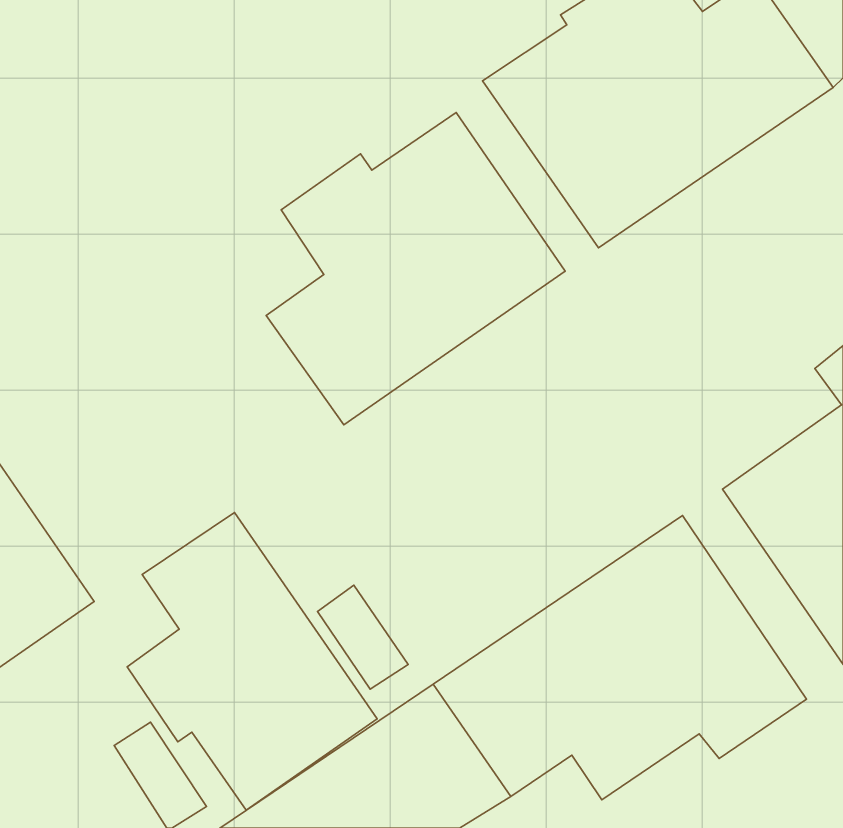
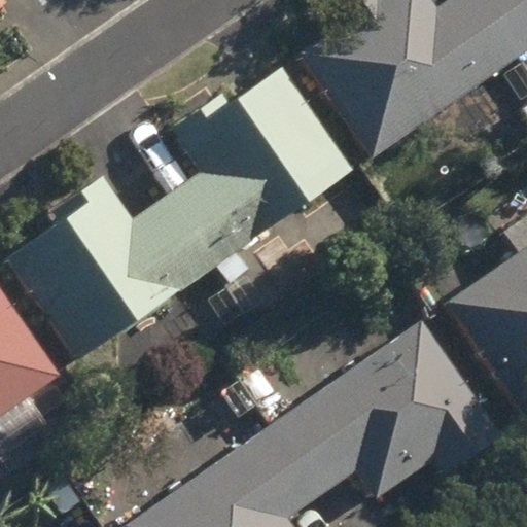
building: none -> [8,179,214,359]
building: [127,513,377,810] -> none

